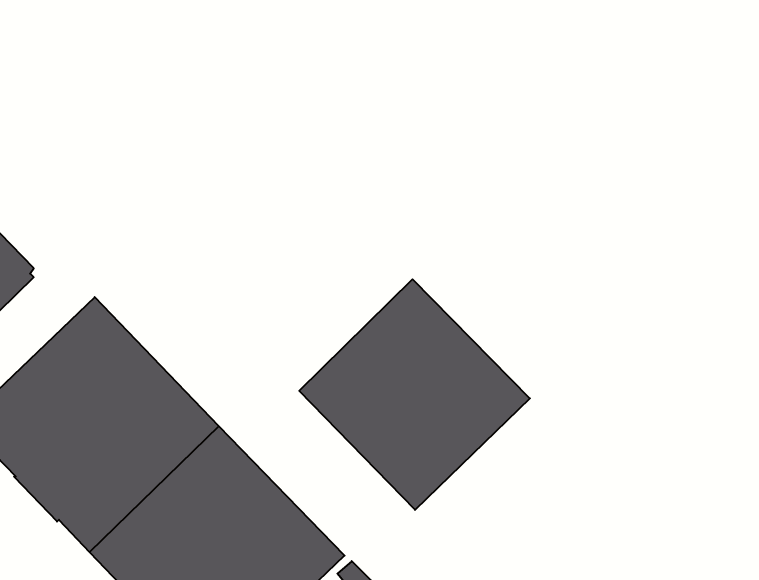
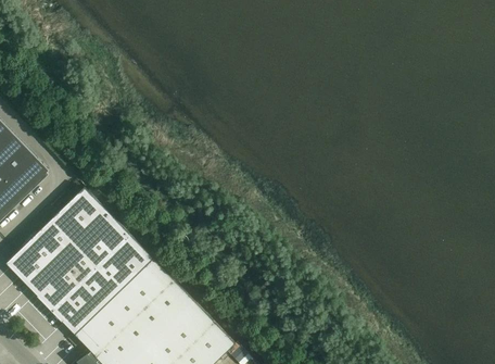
building: [299,279,530,510] -> none

